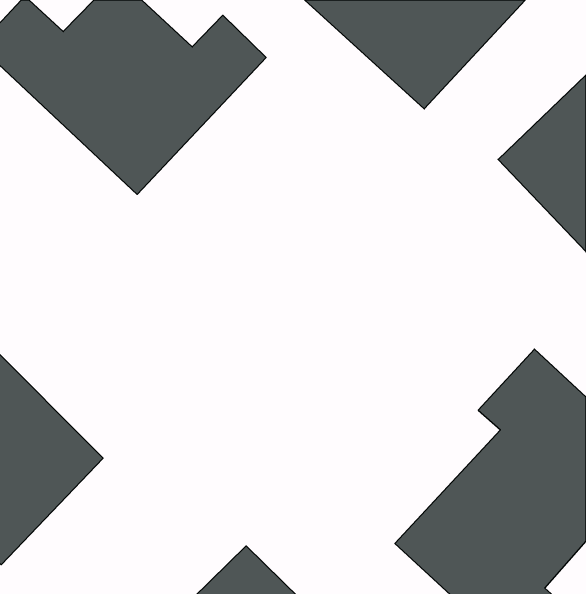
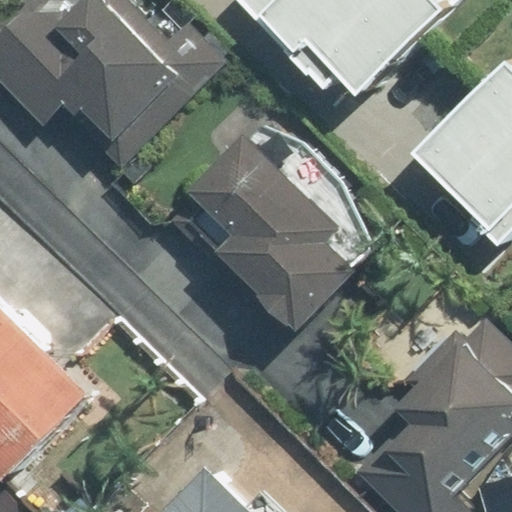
building: none -> [175,130,370,328]

